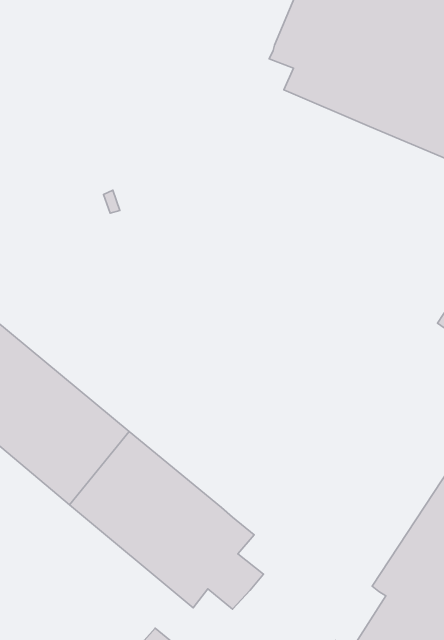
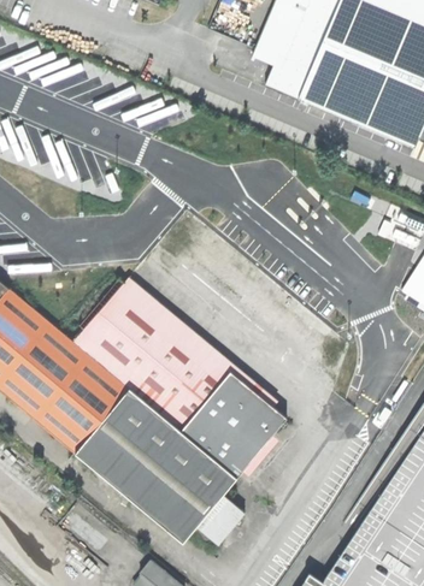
building: none -> [79,284,288,473]

